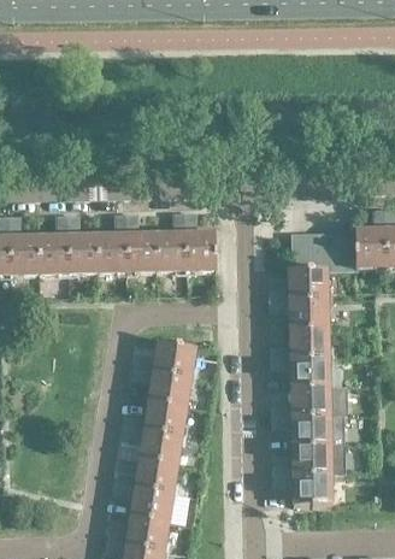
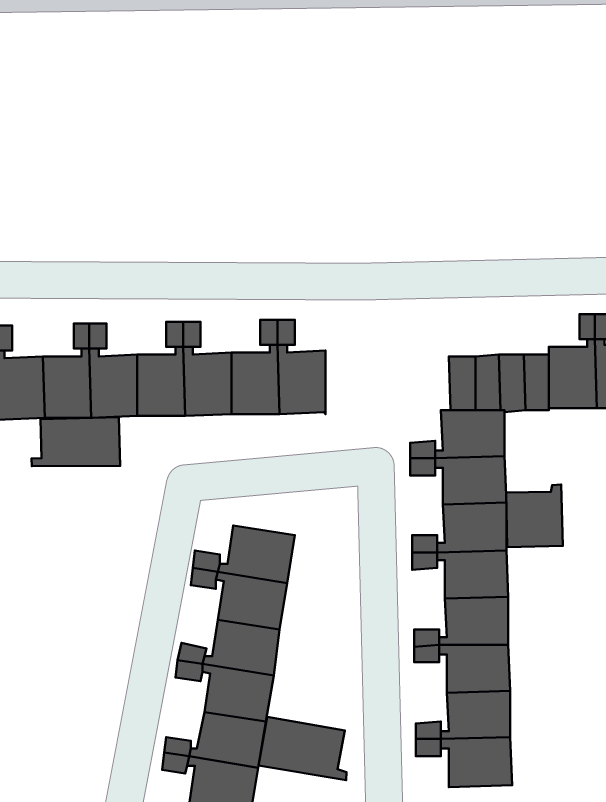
building: none -> [32,417,120,466]
building: none -> [506,484,563,547]
building: none -> [259,717,347,780]

